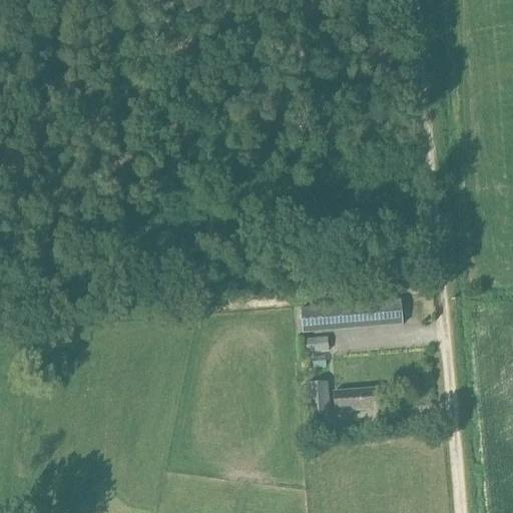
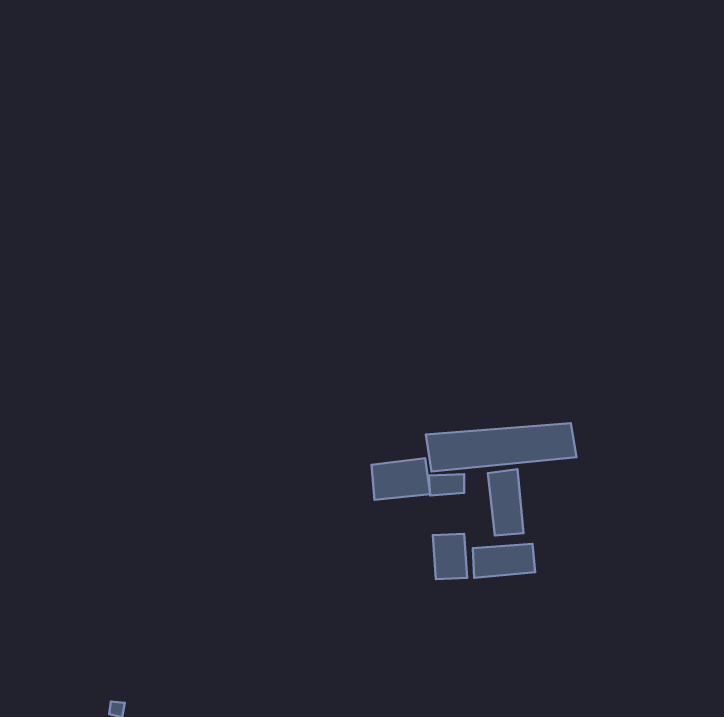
building: none -> [371,458,430,500]
building: none -> [488,469,524,536]

